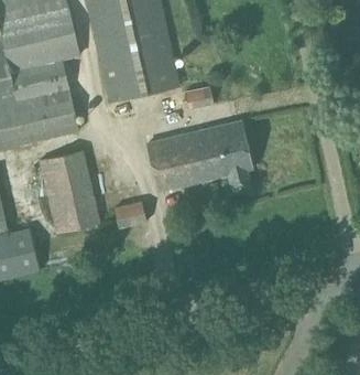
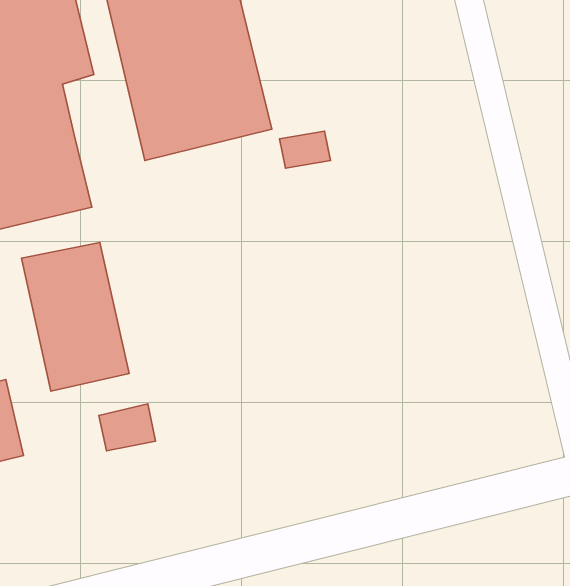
building: [148,121,252,192] -> none
building: [114,201,146,227] -> [99,404,156,451]

